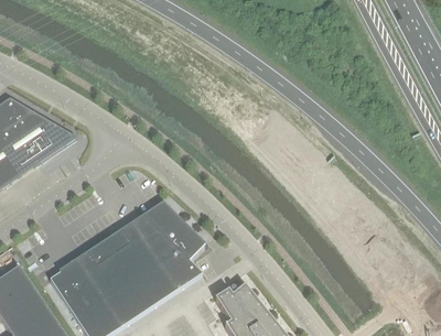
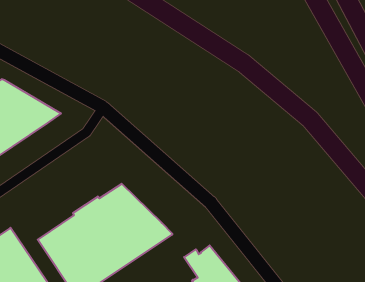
building: [142,202,207,260] -> none

